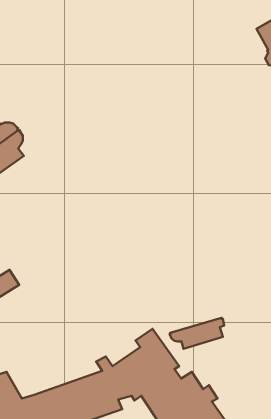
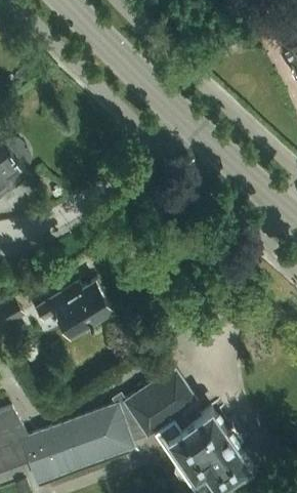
building: none -> [37,280,114,336]
building: [169,318,224,349] -> none

